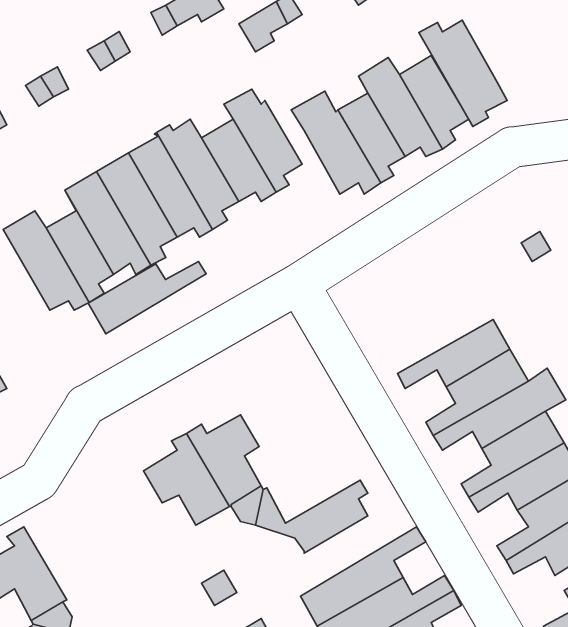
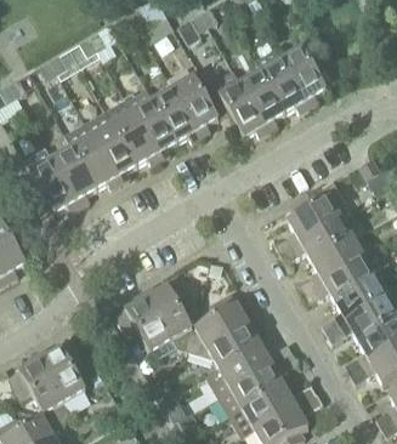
building: [419,20,507,126] -> none
building: [88,261,206,334] -> none
building: none -> [274,186,342,252]
building: none -> [195,292,256,349]
building: none -> [38,341,86,399]
building: none -> [205,343,293,397]

